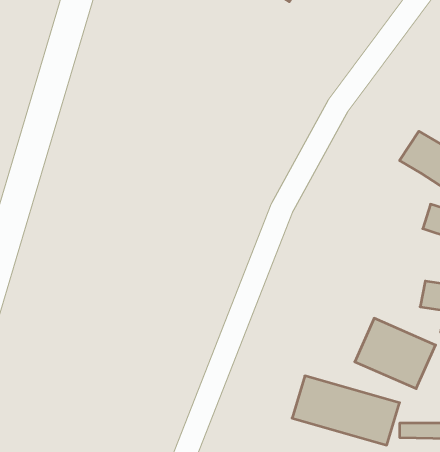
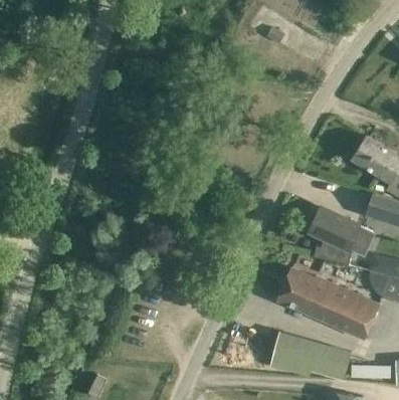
building: none -> [307,209,372,265]
building: none -> [276,270,330,319]

